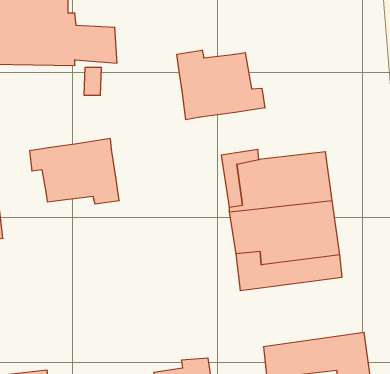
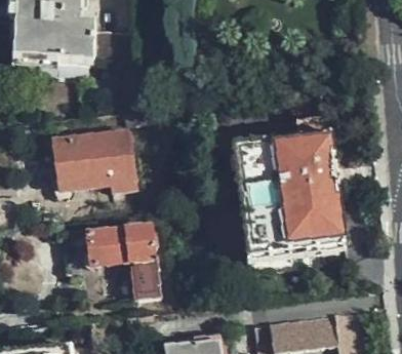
building: [177,50,265,120] -> none
building: none -> [63,225,159,297]

